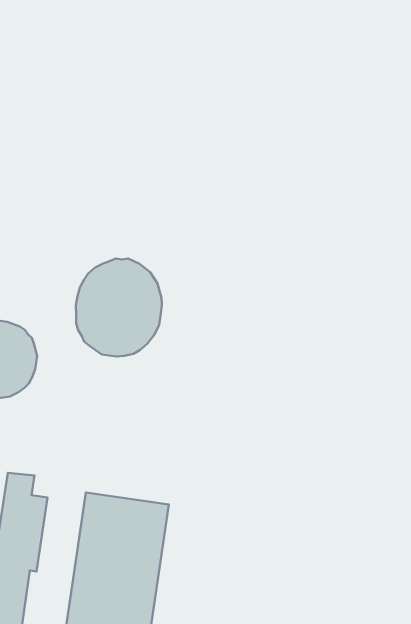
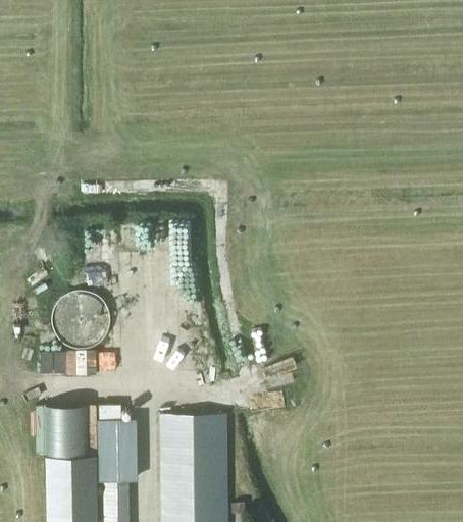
building: [76,259,162,357] -> none

